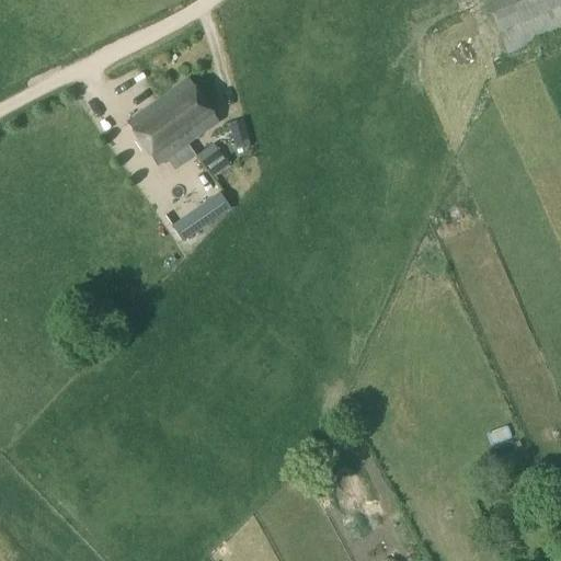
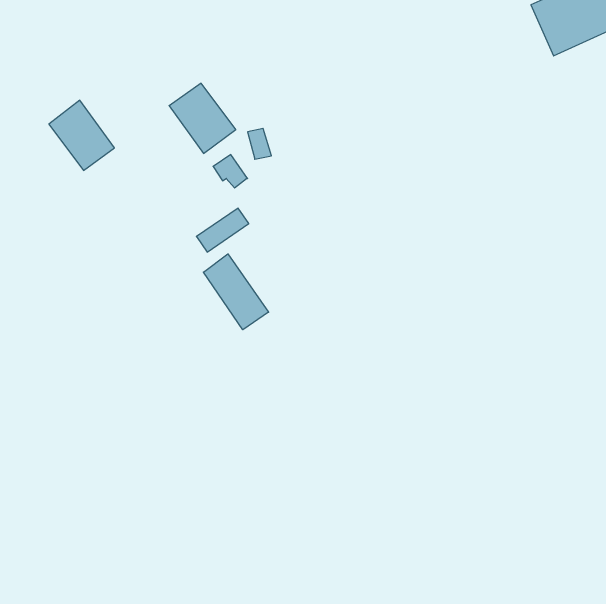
building: [129,98,190,162] -> [49,100,114,170]
building: none -> [203,254,269,330]

